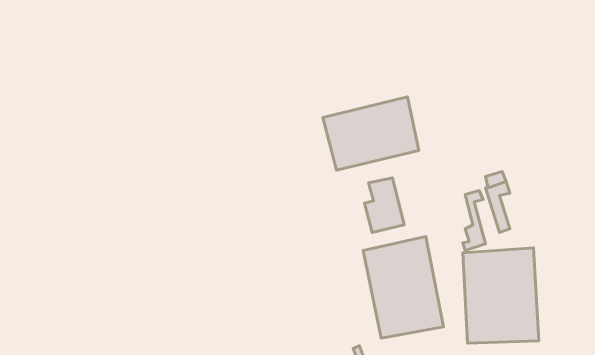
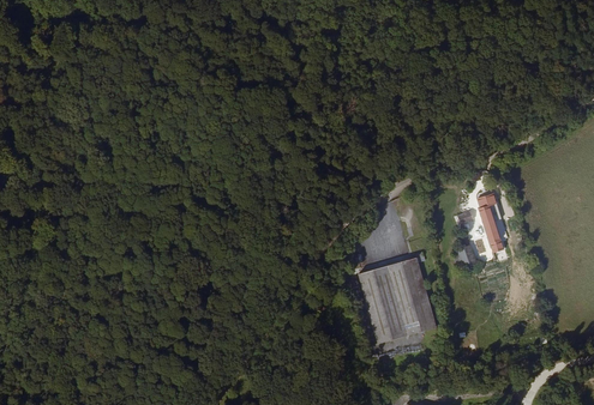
building: [323,97,419,170] -> none
building: [463,248,539,343] -> none

